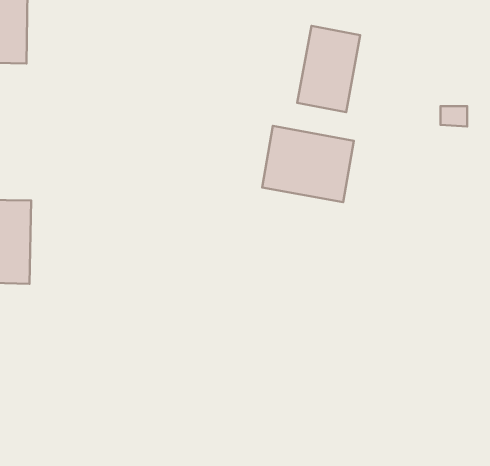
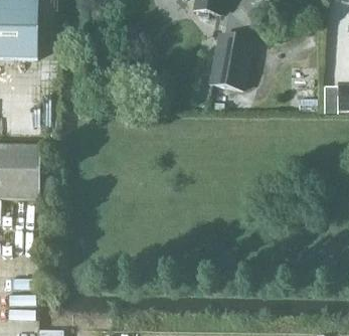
building: [262,126,354,202] -> none

